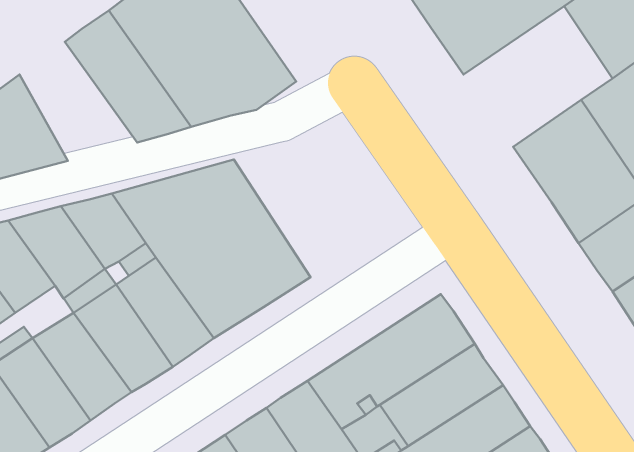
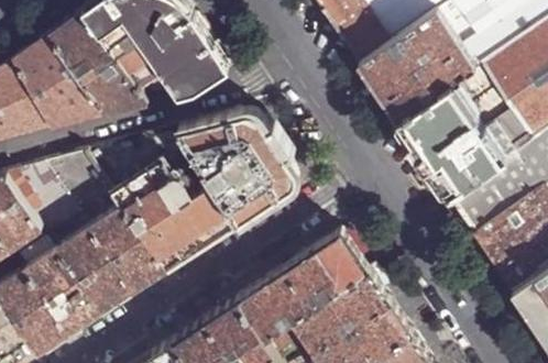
building: none -> [361,12,476,121]
building: none -> [17,40,108,132]
building: none -> [183,116,294,222]

